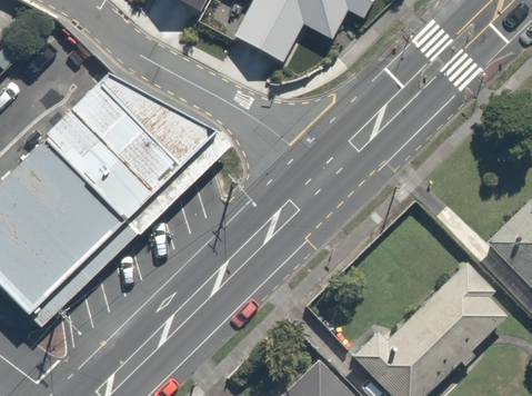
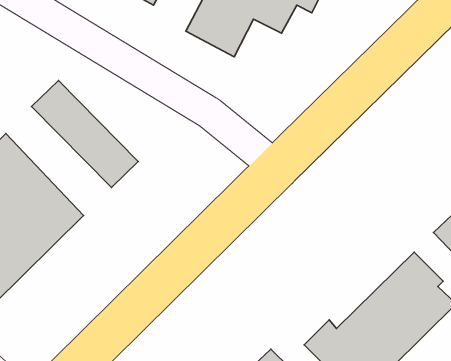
building: [99,76,215,168] -> none
building: [44,111,153,224] -> none

